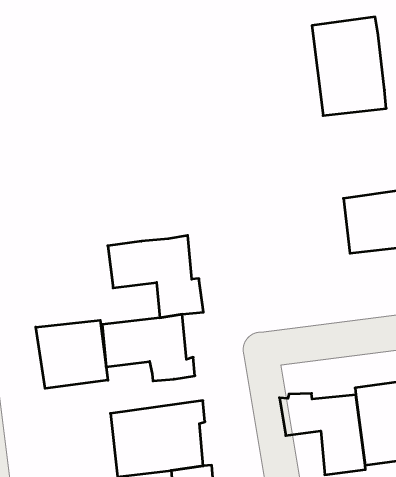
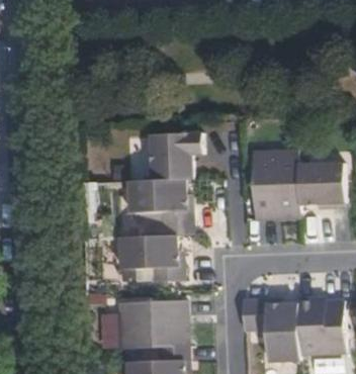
building: [312,17,386,116] -> [252,151,299,217]
building: none -> [150,131,202,181]
building: [36,320,108,388] -> none

